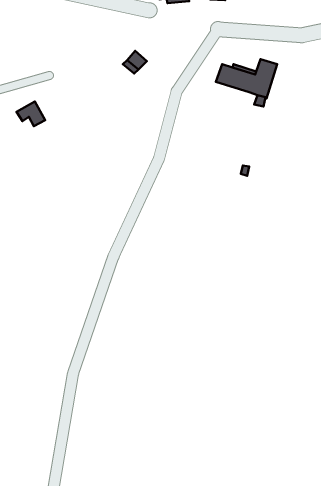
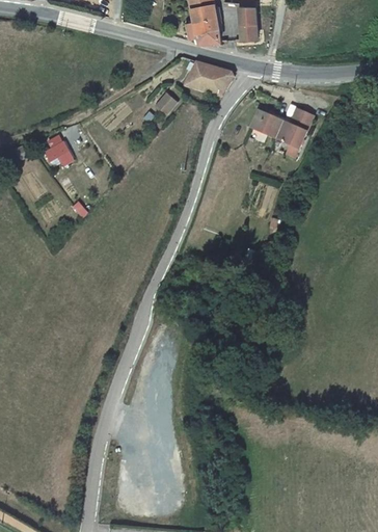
building: none -> [184,63,236,96]

